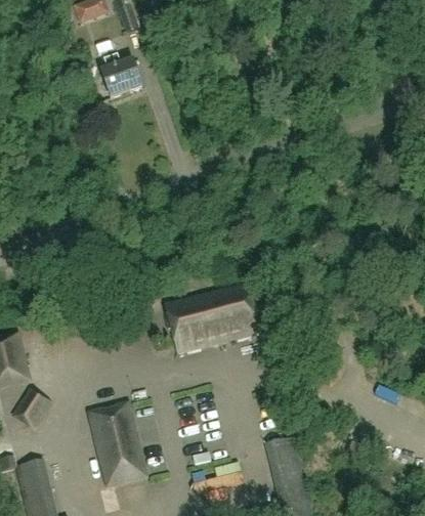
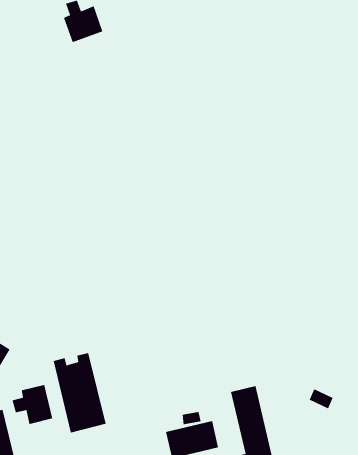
building: [166,284,257,349] -> none
building: none -> [12,384,53,425]

